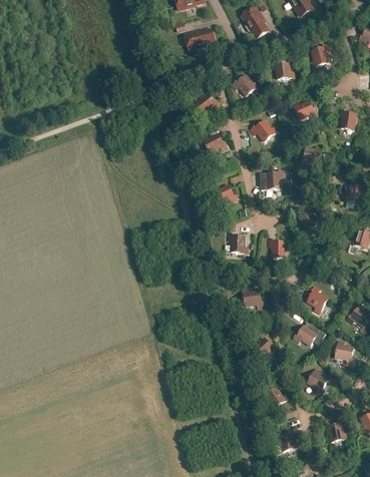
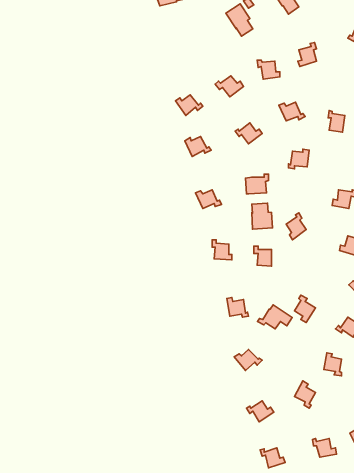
building: [184,28,215,49] -> none
building: none -> [252,203,272,229]
building: [293,322,326,345] -> [258,305,292,329]

